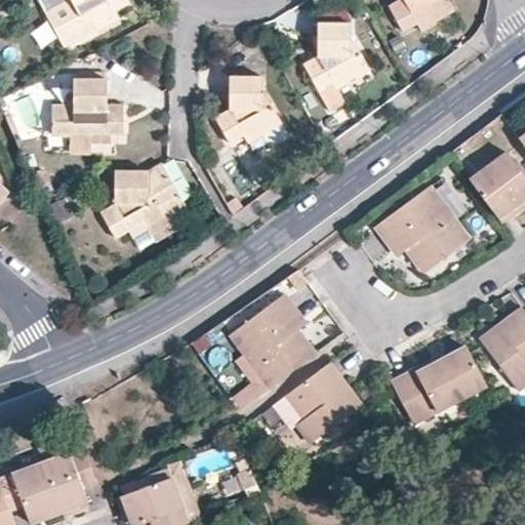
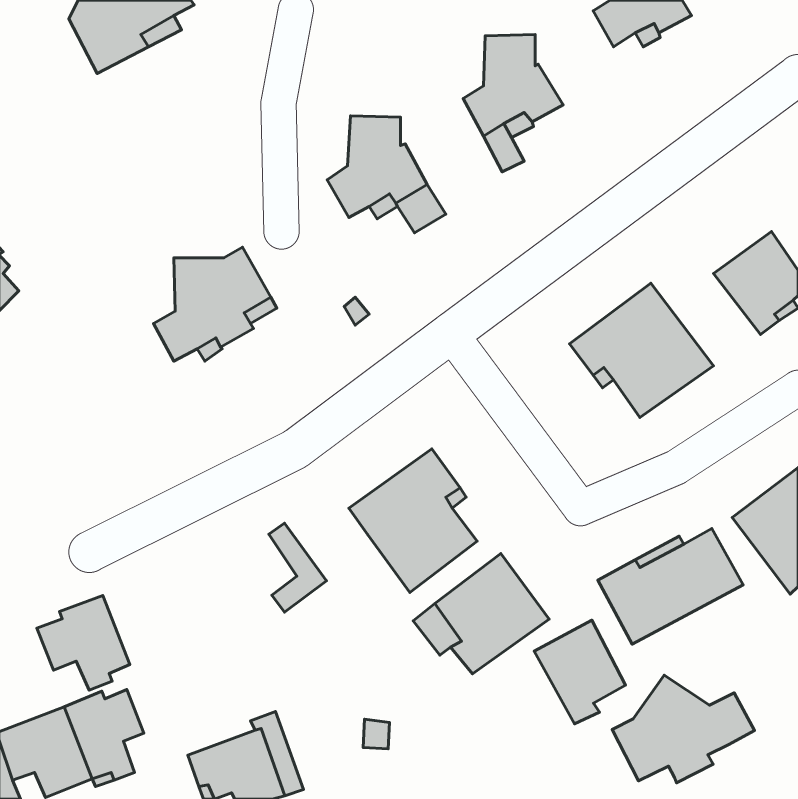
building: [52,80,122,151] -> none
building: [231,351,269,409] -> [269,523,327,612]
building: none -> [37,595,130,690]
building: none -> [534,620,625,724]
building: none -> [612,675,754,783]

